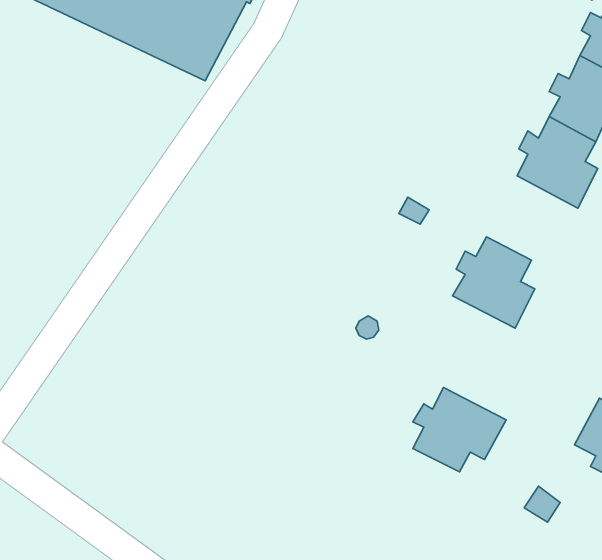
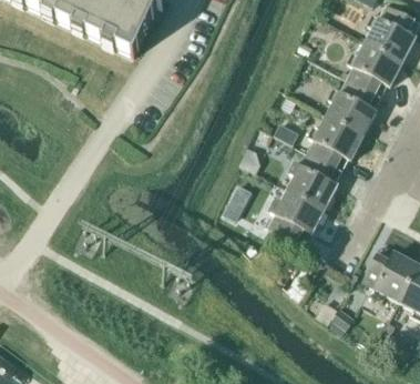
building: none -> [308,114,365,166]
building: [413,388,506,472] -> [268,189,326,241]

